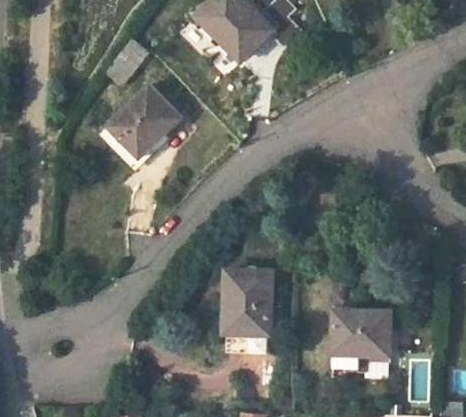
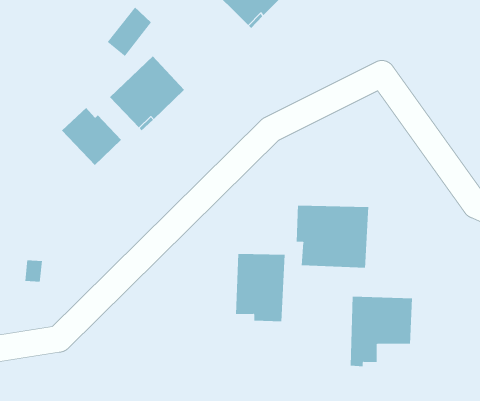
building: none -> [61,107,122,166]
building: none -> [296,205,369,268]

